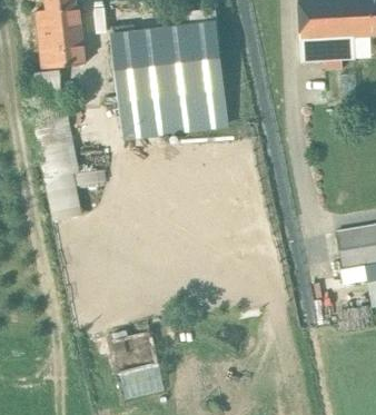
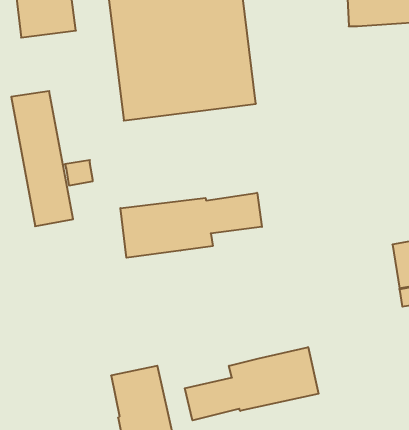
building: none -> [120,193,262,258]
building: none -> [185,347,319,420]

